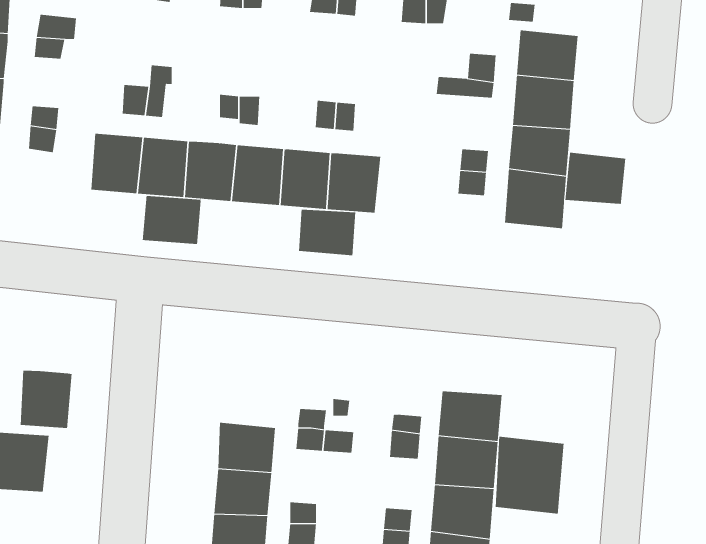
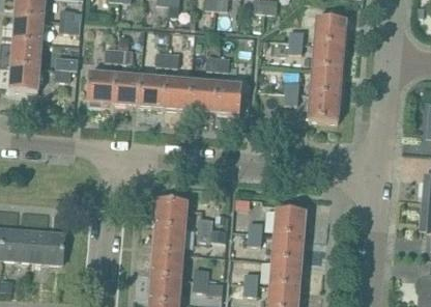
building: [565,152,626,205] -> none
building: [142,195,201,245] -> none
building: [299,209,356,256] -> none
building: [20,370,72,429] -> none
building: none -> [155,200,188,228]
building: [495,436,564,514] -> none

